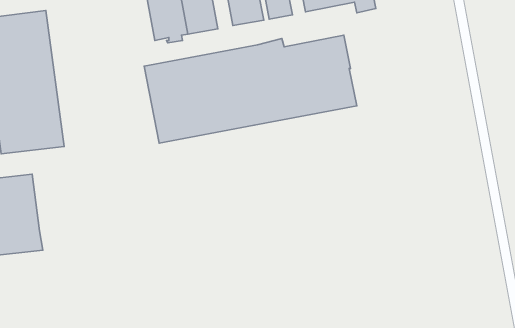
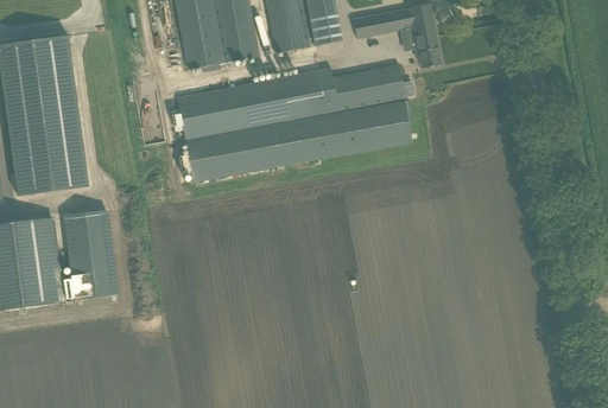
building: none -> [413,33,441,68]
building: none -> [61,209,119,301]

